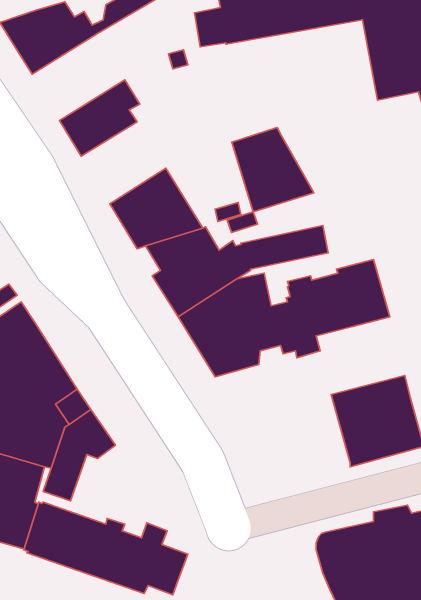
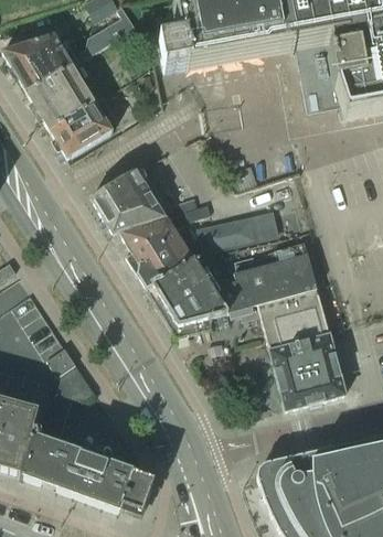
building: none -> [29,60,104,130]
building: [232,128,314,212] -> none
building: none -> [258,289,330,352]

